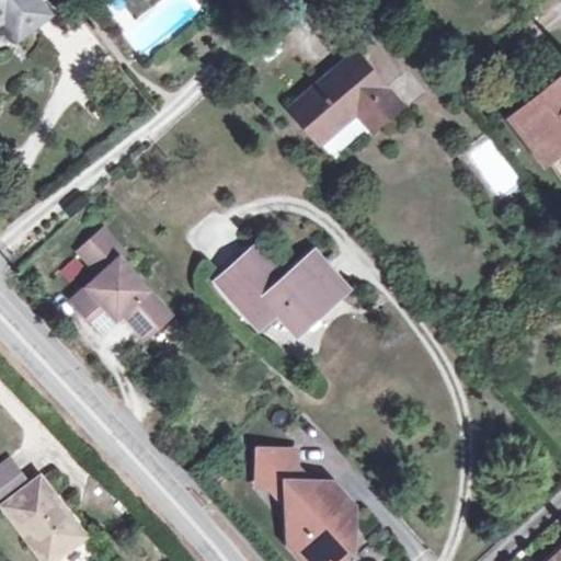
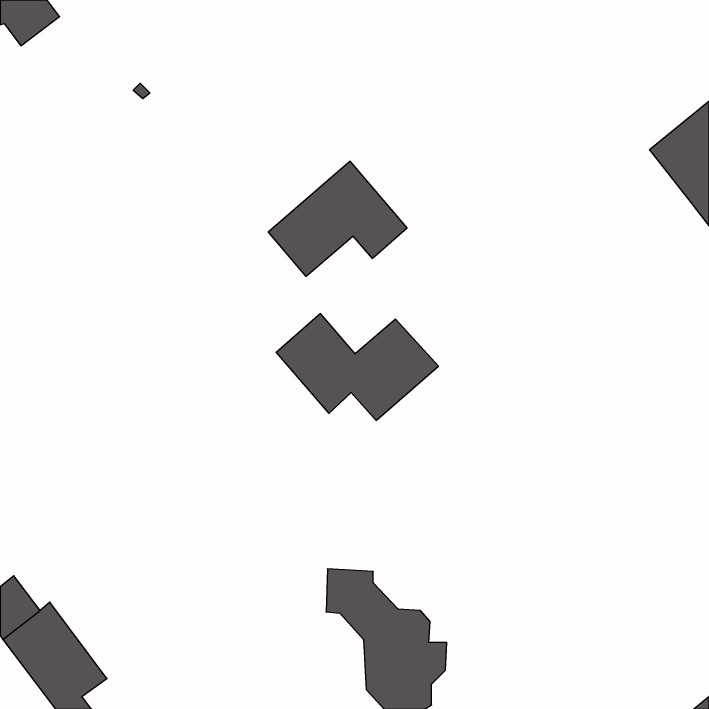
building: [289,51,399,142] -> [268,161,407,276]
building: [72,229,169,336] -> none

